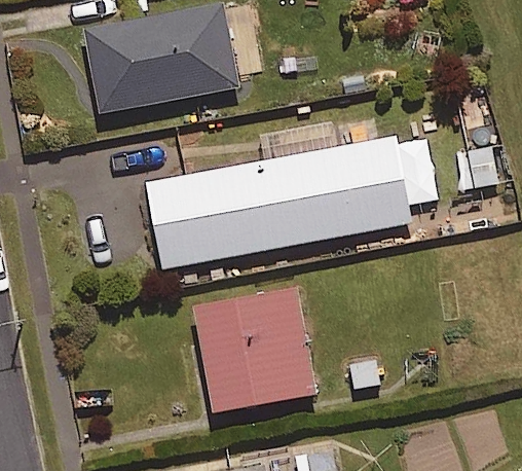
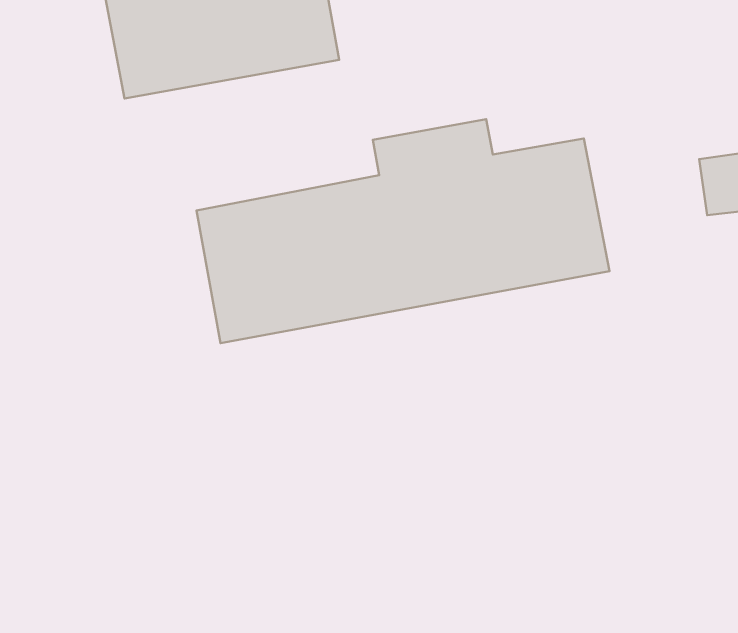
building: [192,287,316,412] -> none

